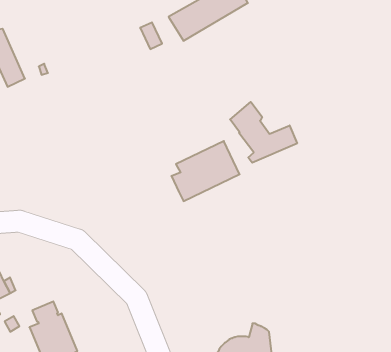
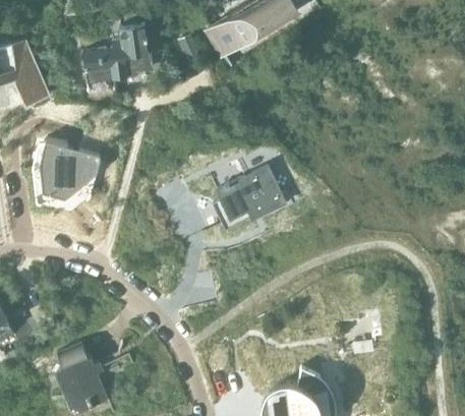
building: none -> [82,24,151,83]
building: [230,102,297,163] -> none
building: none -> [33,140,96,196]

